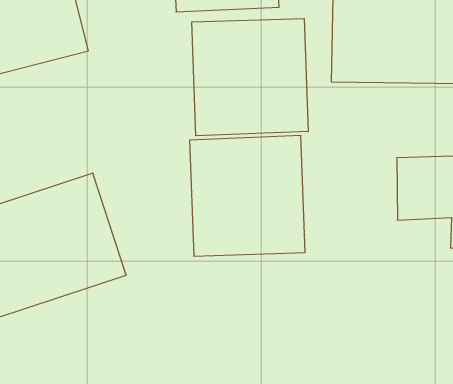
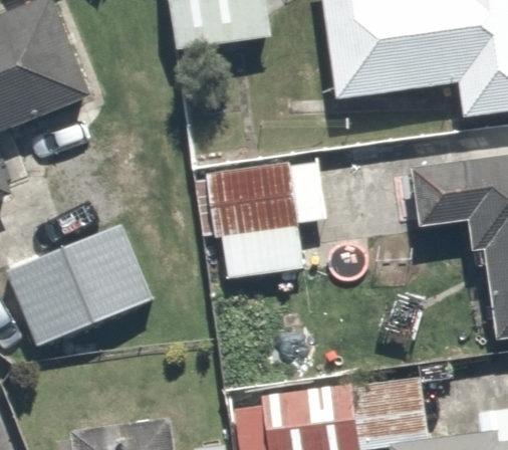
building: [192,19,308,136] -> none

